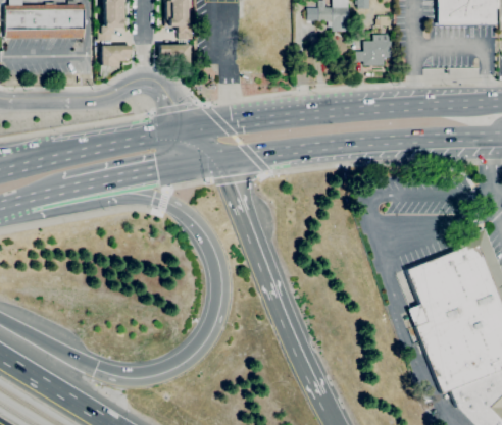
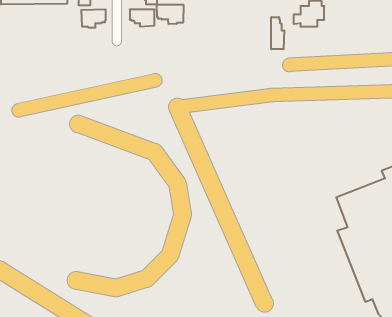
building: none -> [157,5,183,24]
building: none -> [271,17,284,49]

